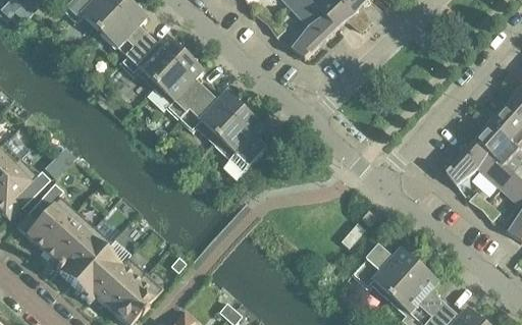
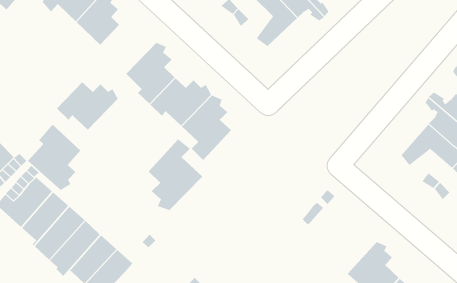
building: [120,34,187,86] -> [56,82,119,131]
building: none -> [27,124,81,191]
building: none -> [148,138,203,211]
building: [352,243,421,299] -> none

